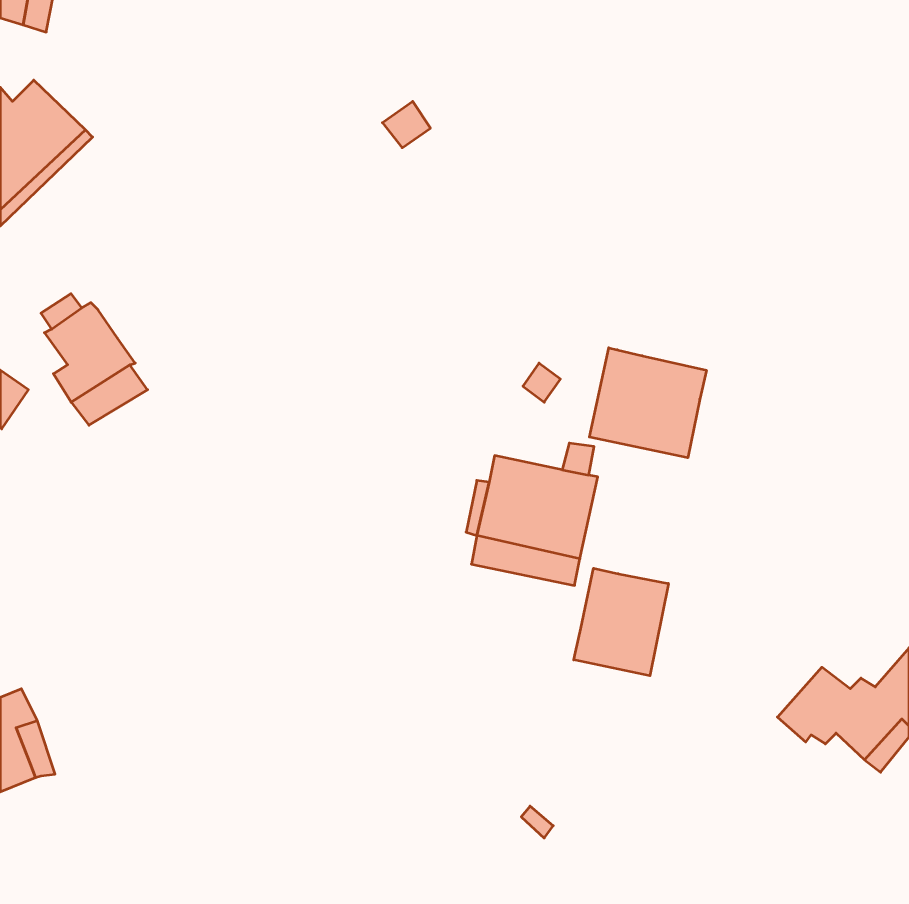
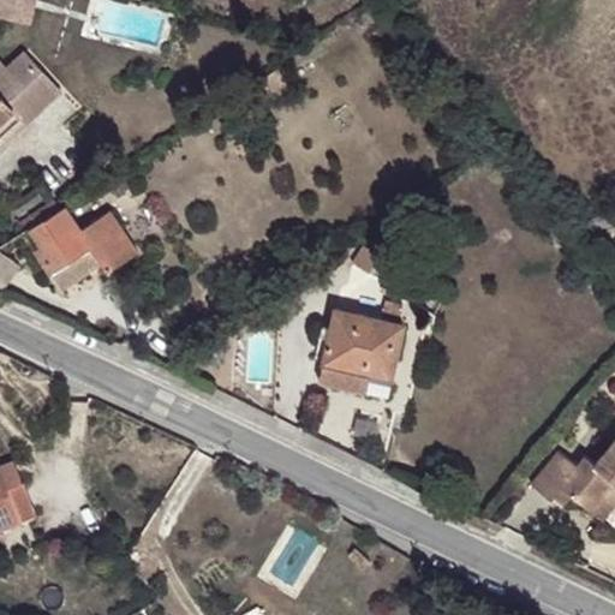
building: none -> [79,211,135,273]
building: [589,348,706,458] -> none
building: [574,568,668,676] -> none

